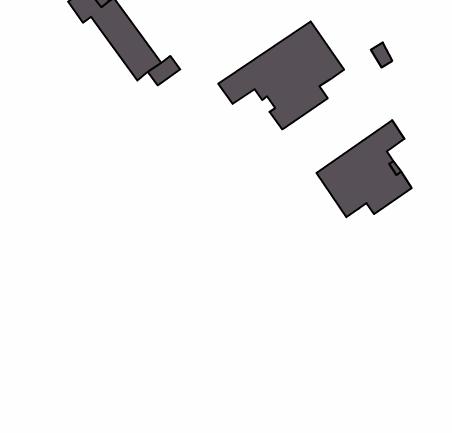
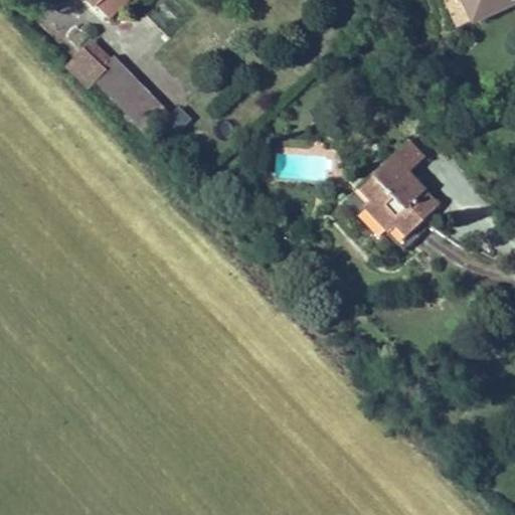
building: [218,21,344,129] -> none

